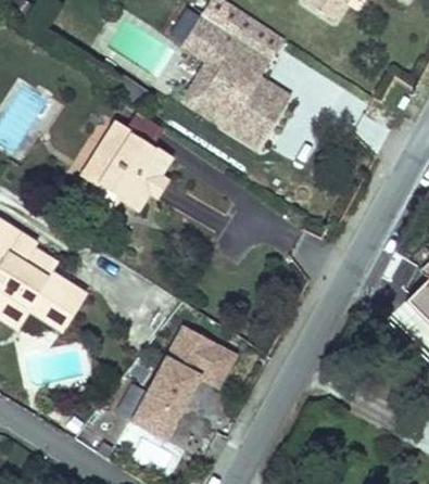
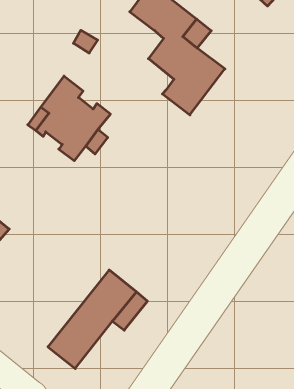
building: [188,60,237,124] -> none

